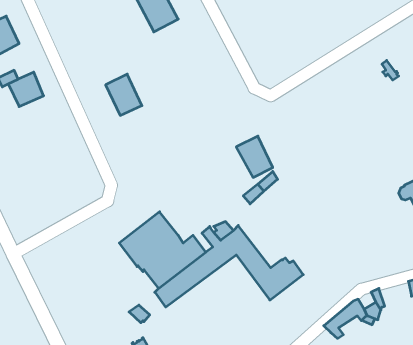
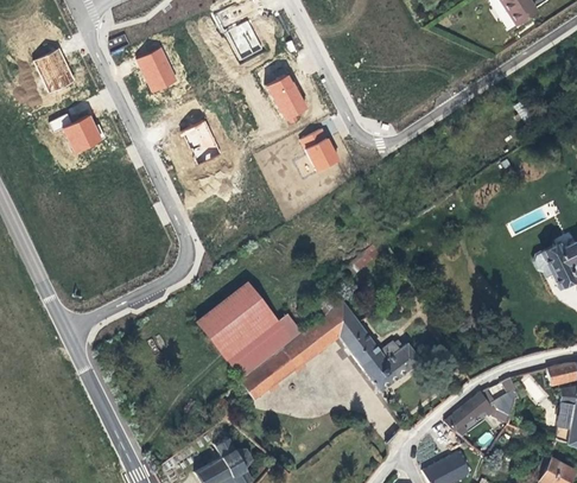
building: none -> [135,47,179,96]
building: none -> [265,75,311,125]
building: [236,136,273,177] -> [299,127,343,177]

